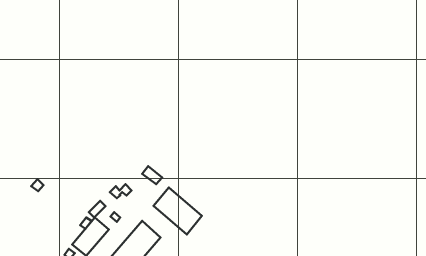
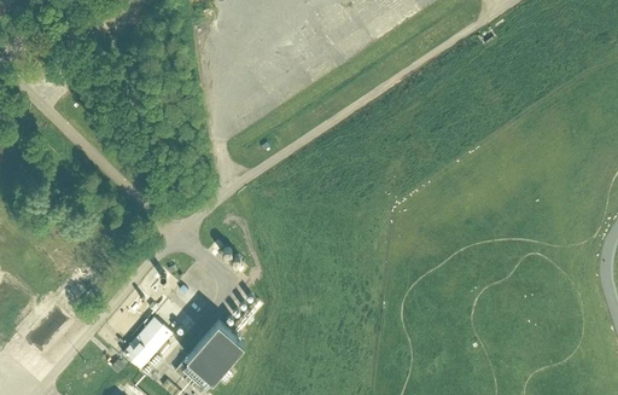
building: [154,187,202,234] -> none

